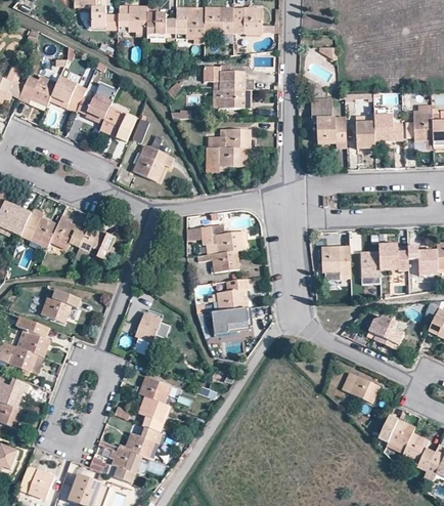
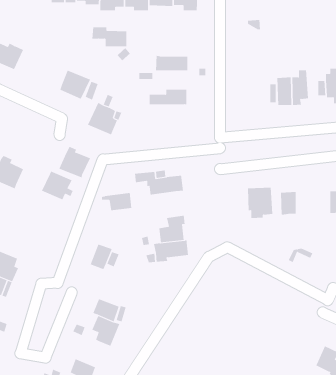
building: [49,66,86,112] -> none
building: [203,67,245,90] -> [92,27,127,47]
building: [85,86,114,124] -> none
building: [309,98,345,149] -> none
building: [205,147,247,172] -> none
building: [49,215,87,253] -> [59,146,91,178]
building: [378,243,406,275] -> none
building: [202,250,238,271] -> [101,192,132,211]
building: [41,290,92,323] -> none
building: [372,322,403,349] -> none
building: [341,372,379,403] -> none
building: [378,414,414,450] -> none
building: [118,426,163,459] -> none

